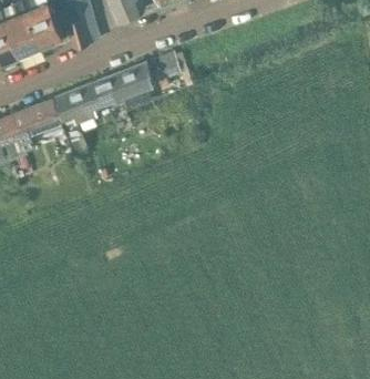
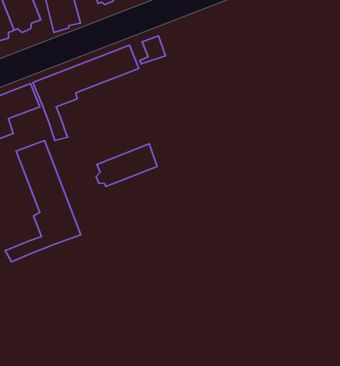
building: none -> [5,141,81,262]
building: none -> [96,144,157,186]

